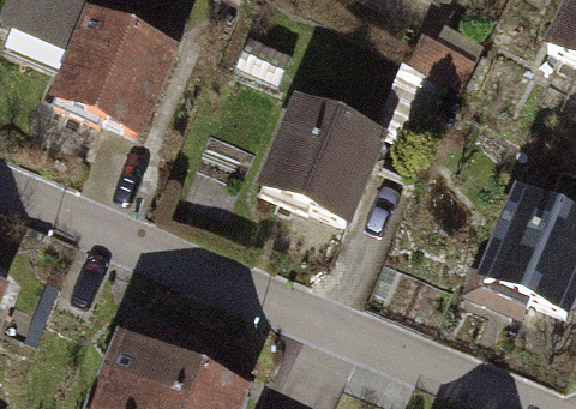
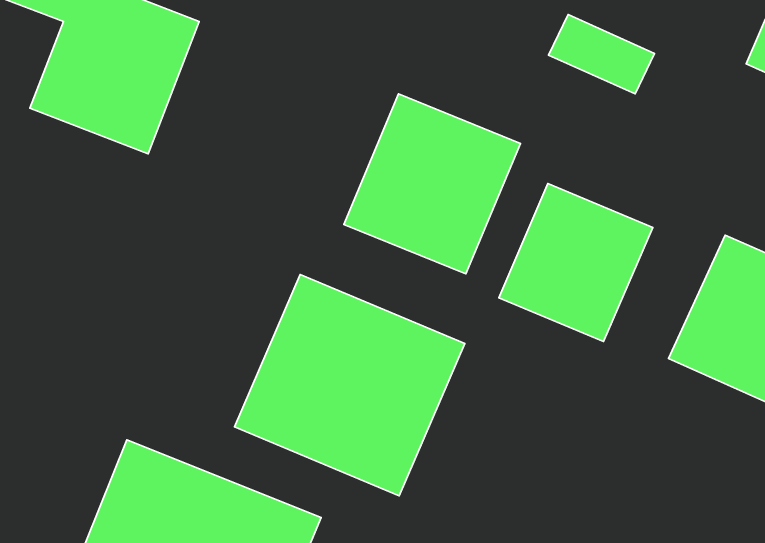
building: none -> [499,184,653,342]
building: none -> [234,275,465,496]

